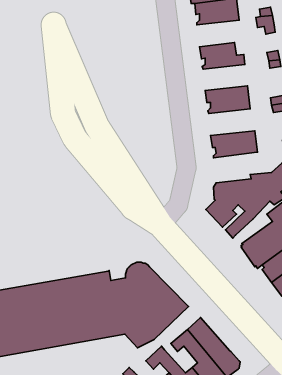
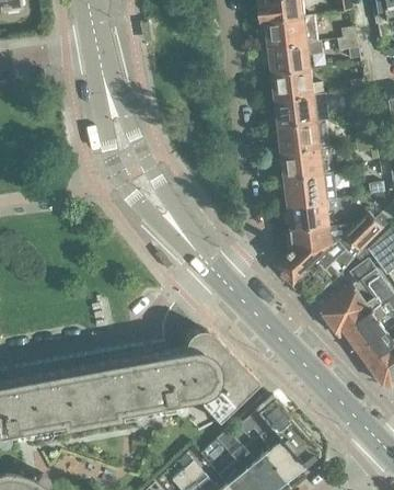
building: none -> [268,43,320,75]
building: none -> [276,94,331,126]
building: none -> [282,148,337,180]
building: none -> [288,200,340,236]

